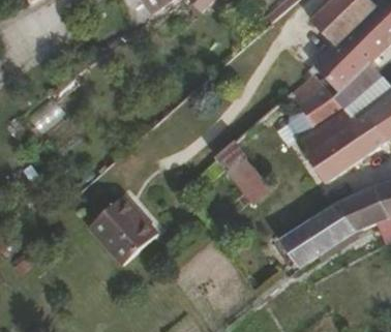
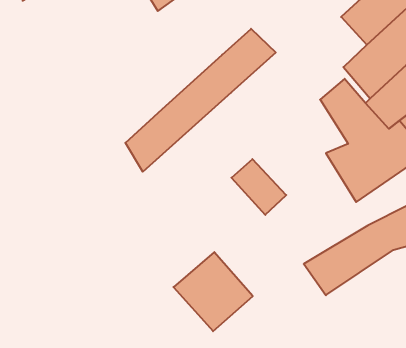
building: none -> [125,29,276,172]
building: [88,194,158,265] -> [173,252,253,331]

